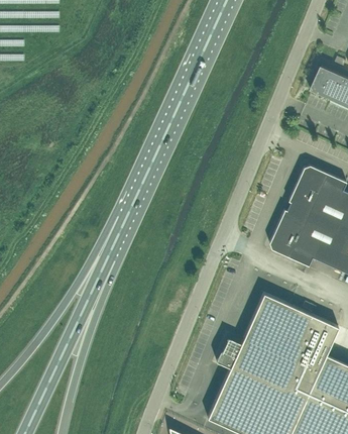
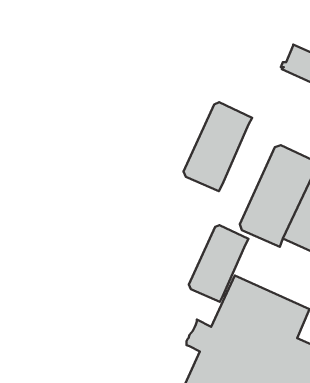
building: none -> [184,102,252,191]
building: none -> [189,225,248,302]

